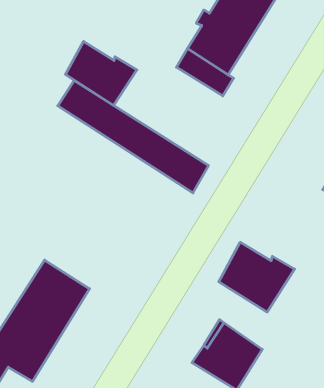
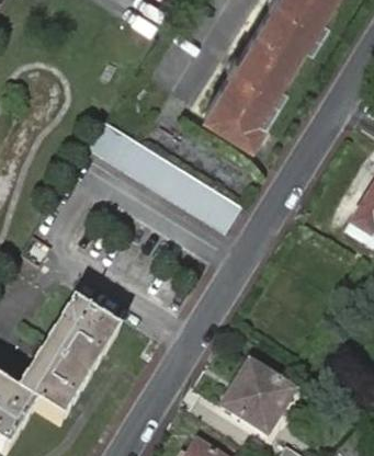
building: [65,41,137,105] -> none
building: [219,242,295,312] -> none

